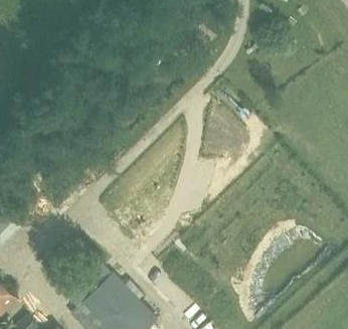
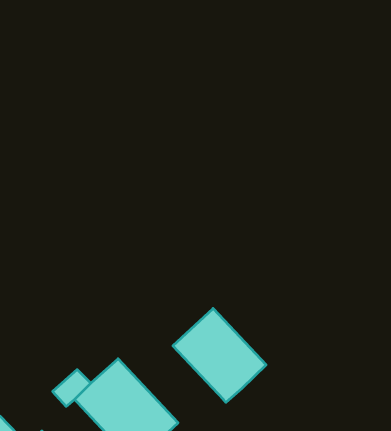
building: none -> [173,308,266,402]

